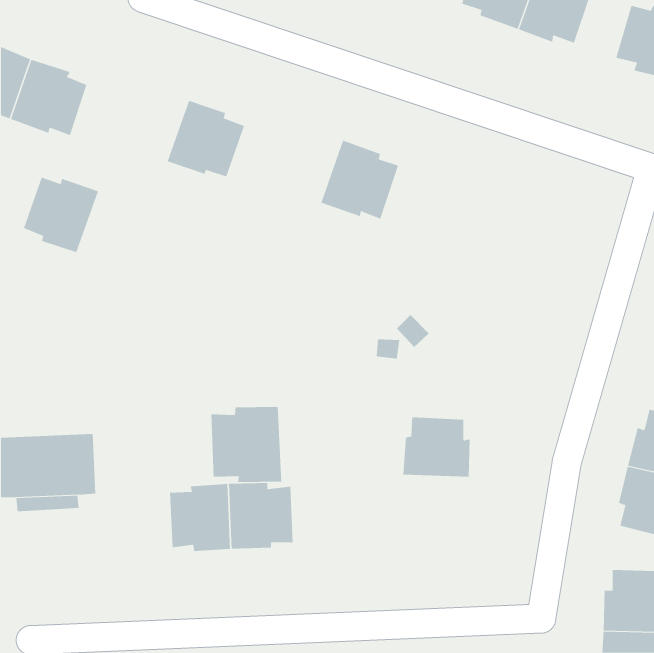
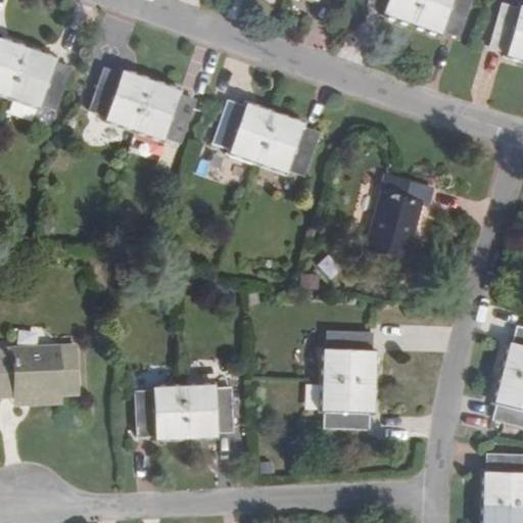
building: none -> [215,101,274,161]
building: [23,177,99,253] -> [91,68,151,129]
building: none -> [366,175,433,257]
building: [211,406,282,483] -> none
building: none -> [321,378,375,429]

